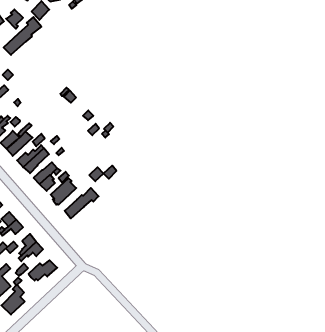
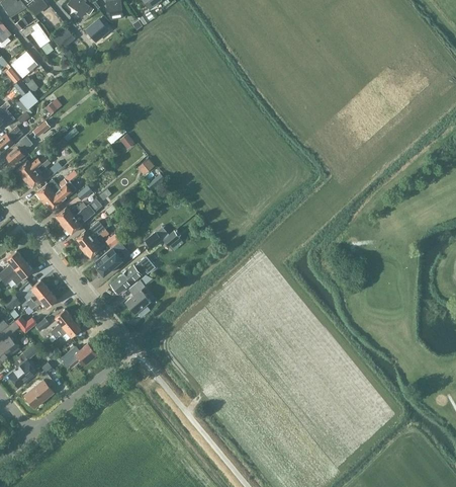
building: [4,17,41,55] -> none
building: none -> [126,280,151,313]

